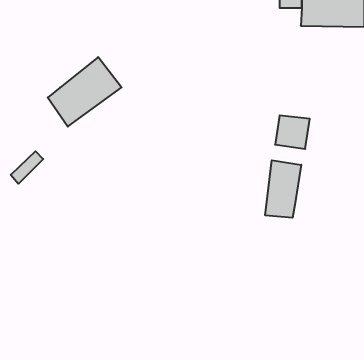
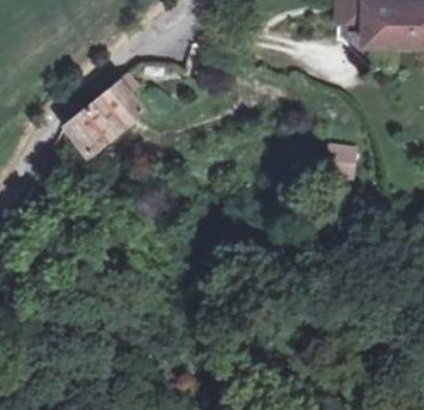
building: [265,160,301,218] -> none

